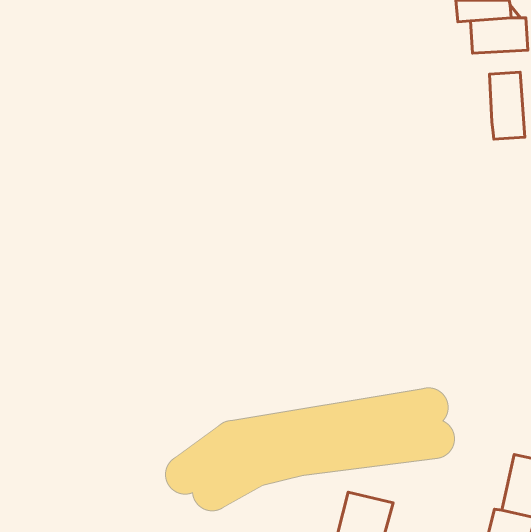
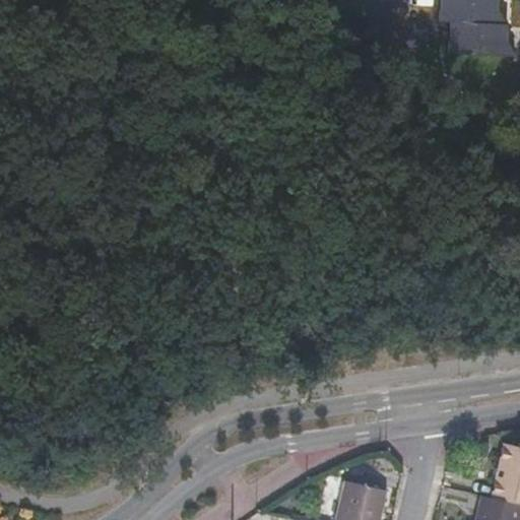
building: [489,72,525,139] -> none

